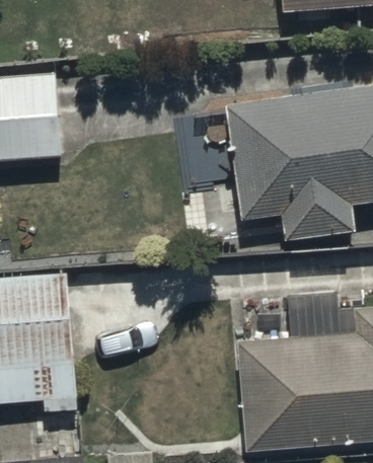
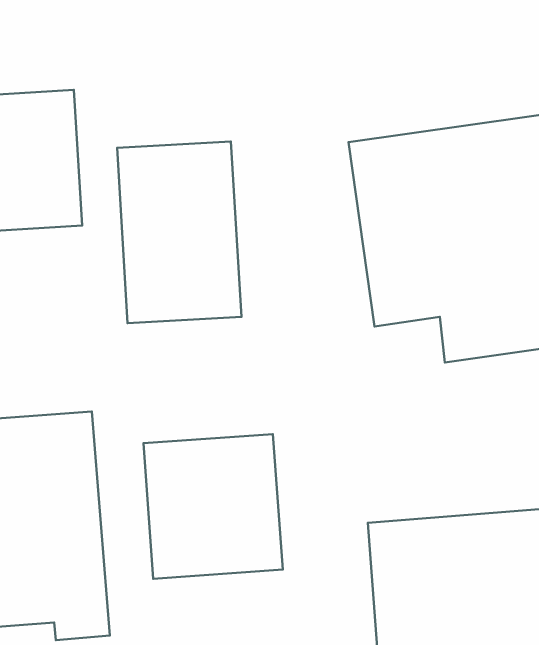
building: none -> [117,141,241,323]
building: none -> [143,434,283,579]

